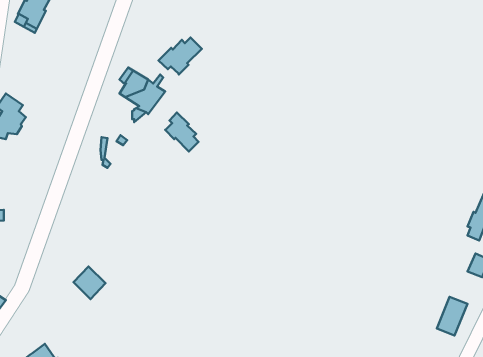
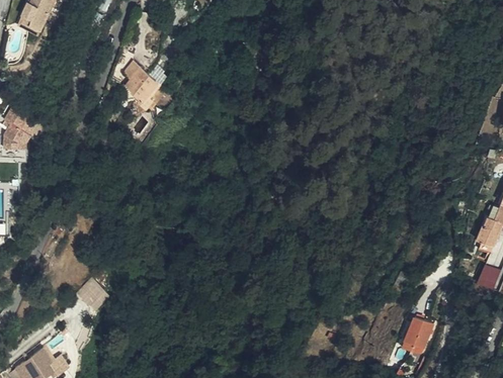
building: [159,38,202,75] -> none
building: [165,112,199,152] -> none
building: [437,297,468,336] -> [404,311,435,351]

